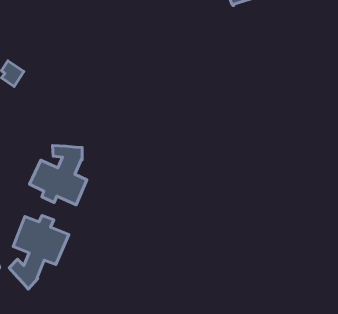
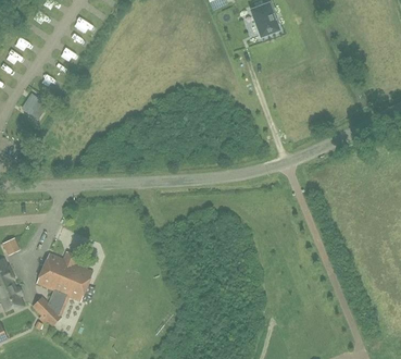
building: [29,146,87,205] -> none

